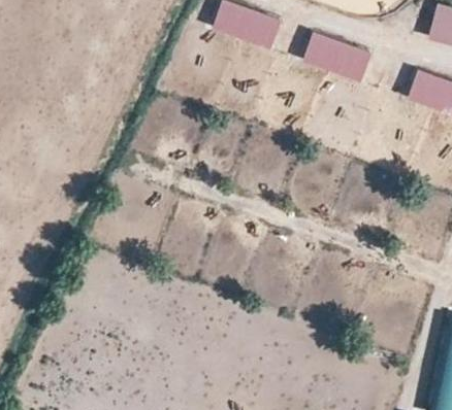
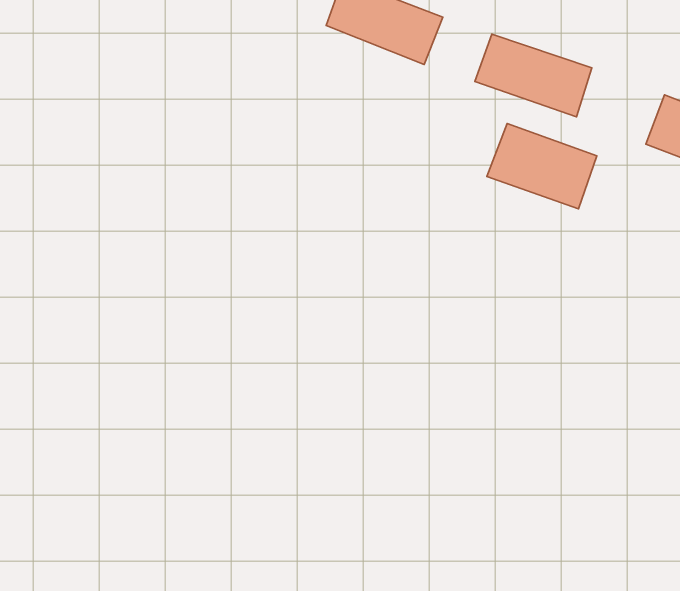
building: none -> [487,123,597,209]

